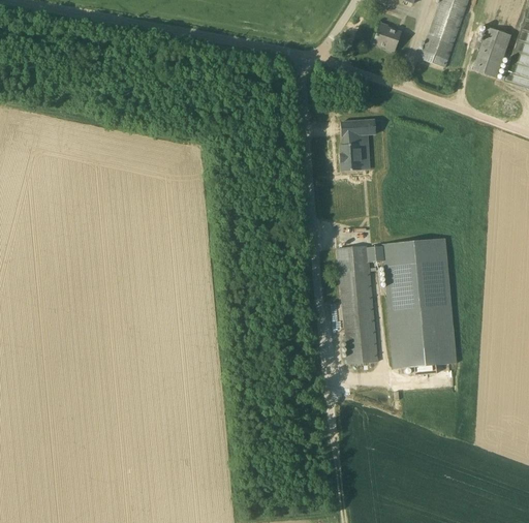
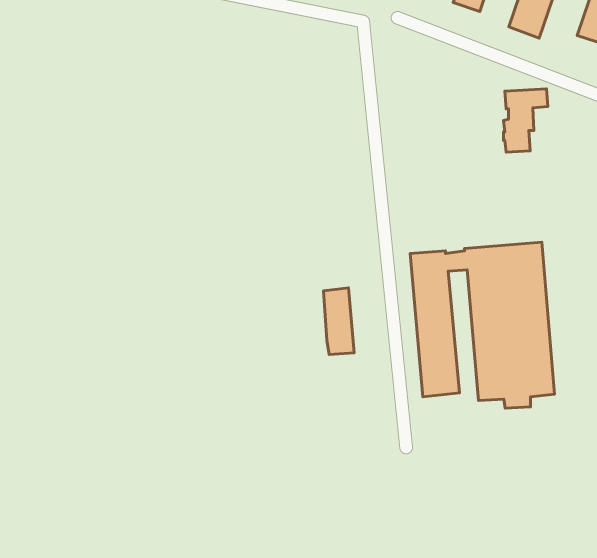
building: [340,119,376,171] -> [504,89,548,152]
building: none -> [323,288,354,354]

